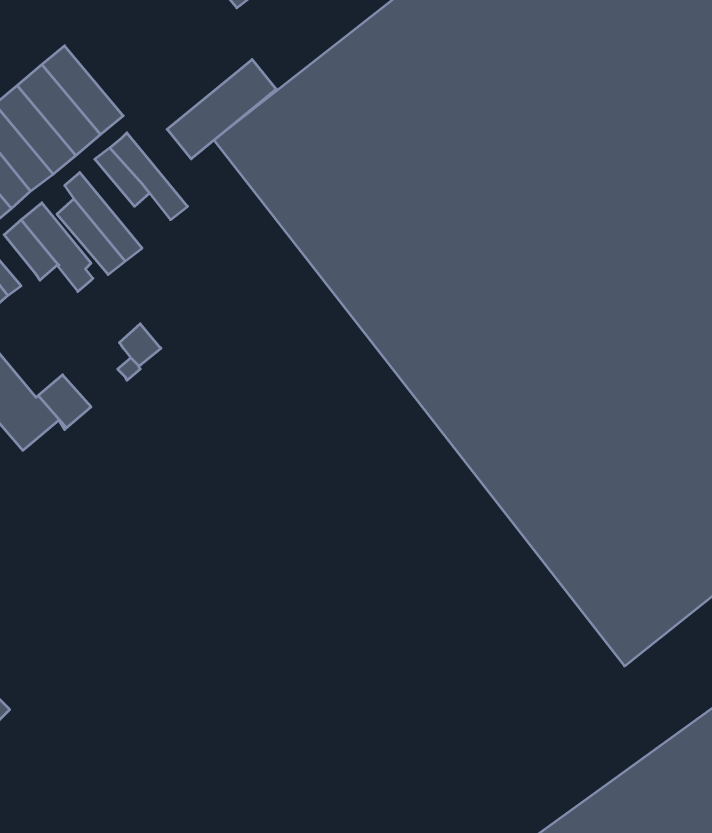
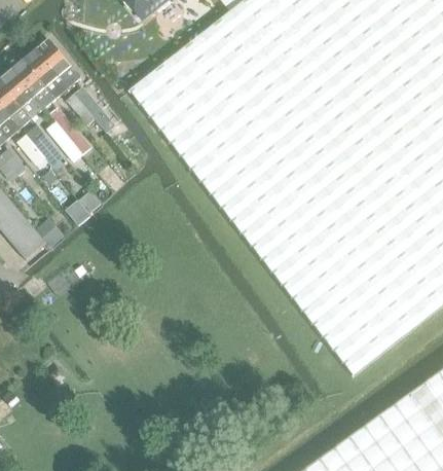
building: [167,59,276,159] -> none

